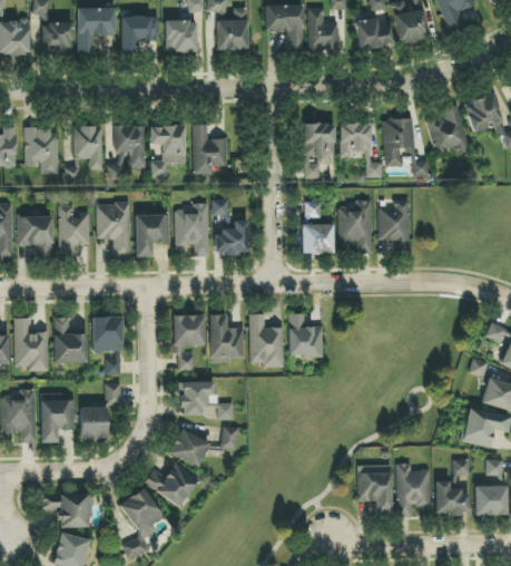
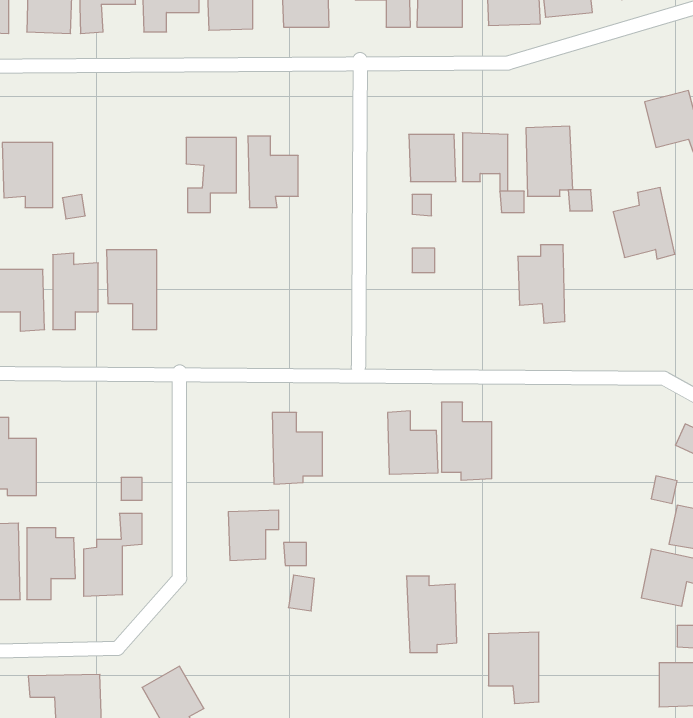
building: [426,105,469,154] -> [613,188,675,259]
building: [108,125,145,180] -> none
building: [73,126,104,169] -> none
building: [214,199,248,255] -> none
building: [337,201,372,254] -> none
building: [175,203,209,256] -> none
building: [135,214,170,257] -> none
building: [301,224,333,254] -> none
building: [174,314,205,371] -> none
building: [249,314,284,368] -> [441,402,492,480]
building: [53,316,87,363] -> none
building: [92,316,122,352] -> none
building: [169,429,209,467] -> none
building: [434,459,470,515] -> none
building: [145,462,199,507] -> none
building: [395,463,430,516] -> [406,576,457,652]

